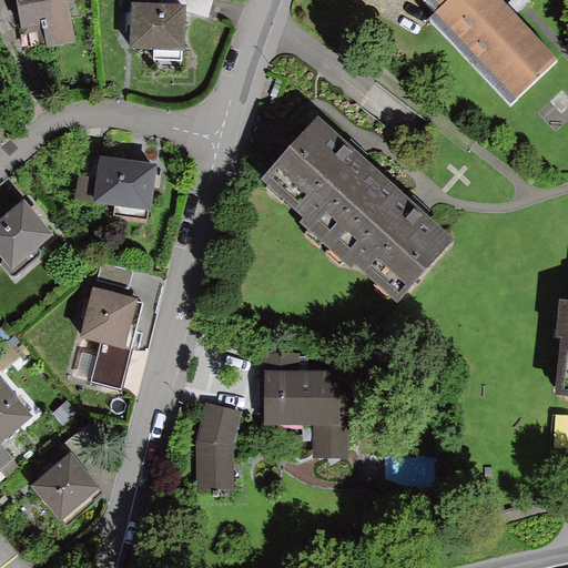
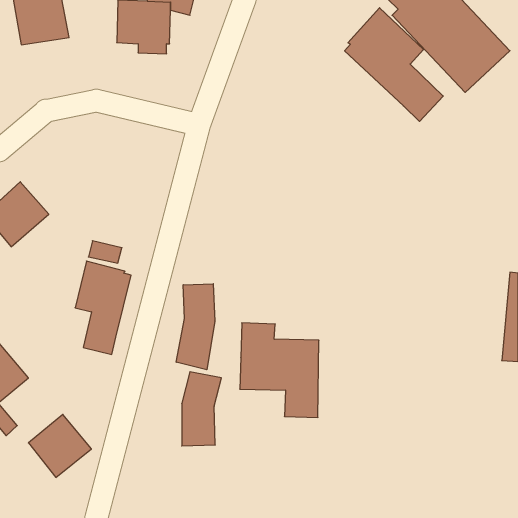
building: none -> [345,8,443,121]
building: [261,114,452,300] -> none
building: [72,153,158,216] -> none
building: none -> [176,284,215,370]

